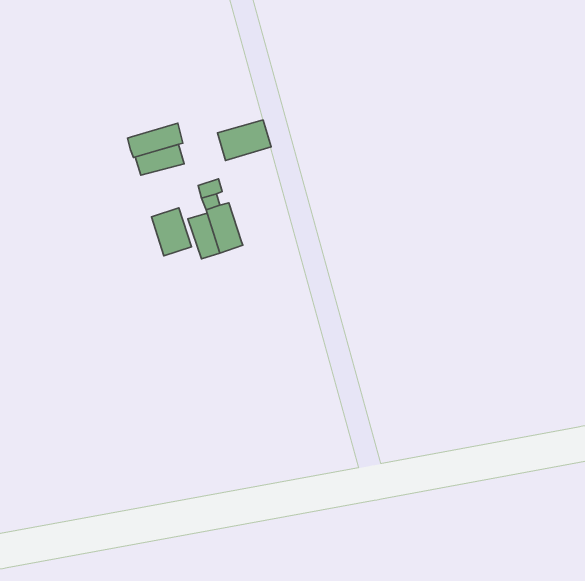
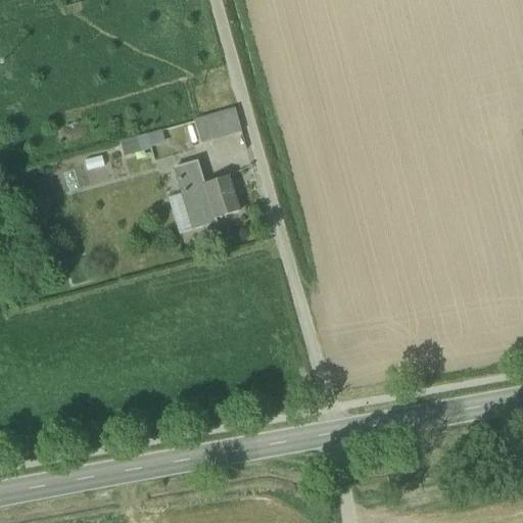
building: [127,123,183,157] -> none
building: [151,208,191,256] -> [204,173,240,216]

